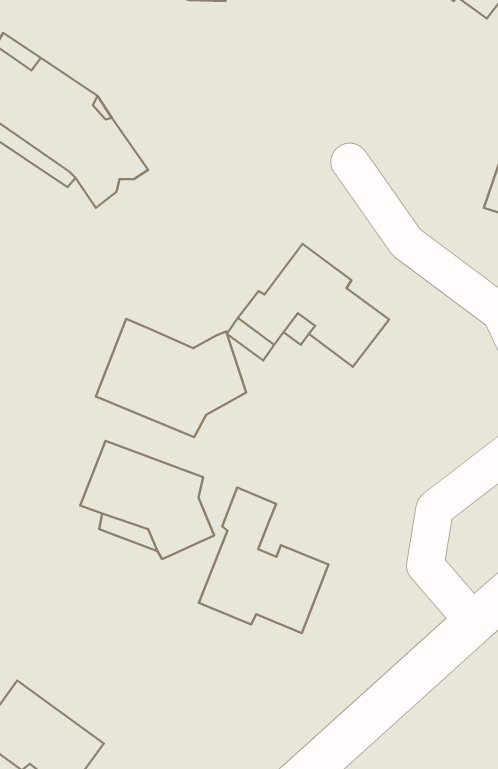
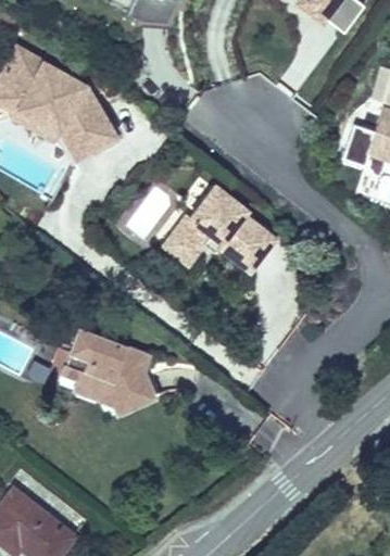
building: [96,319,246,437] -> none
building: [199,488,329,633] -> none

